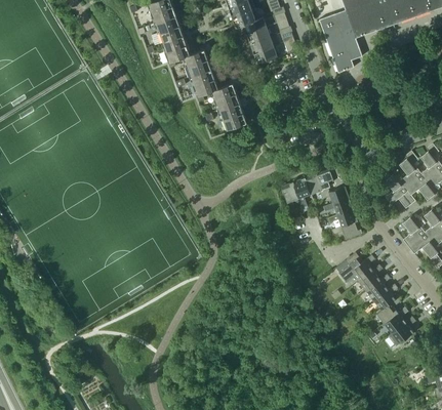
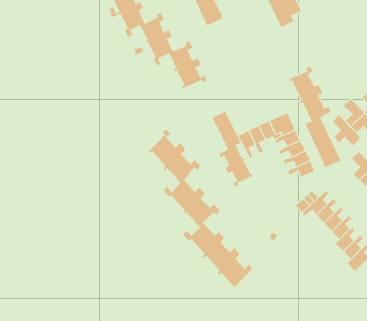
building: none -> [289,66,341,168]
building: none -> [212,111,254,187]
building: none -> [148,129,253,291]

